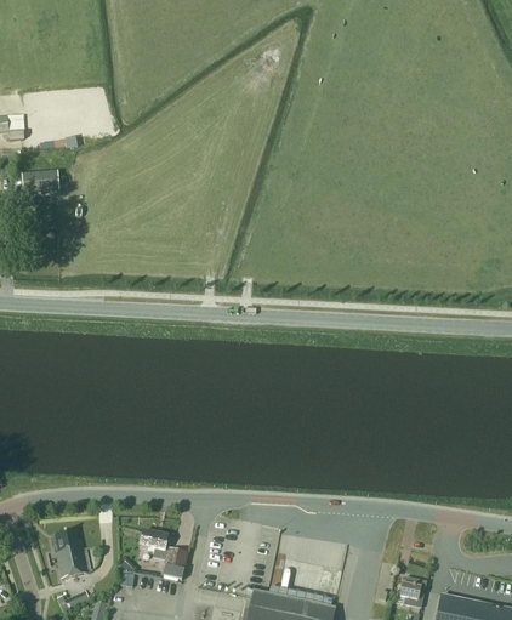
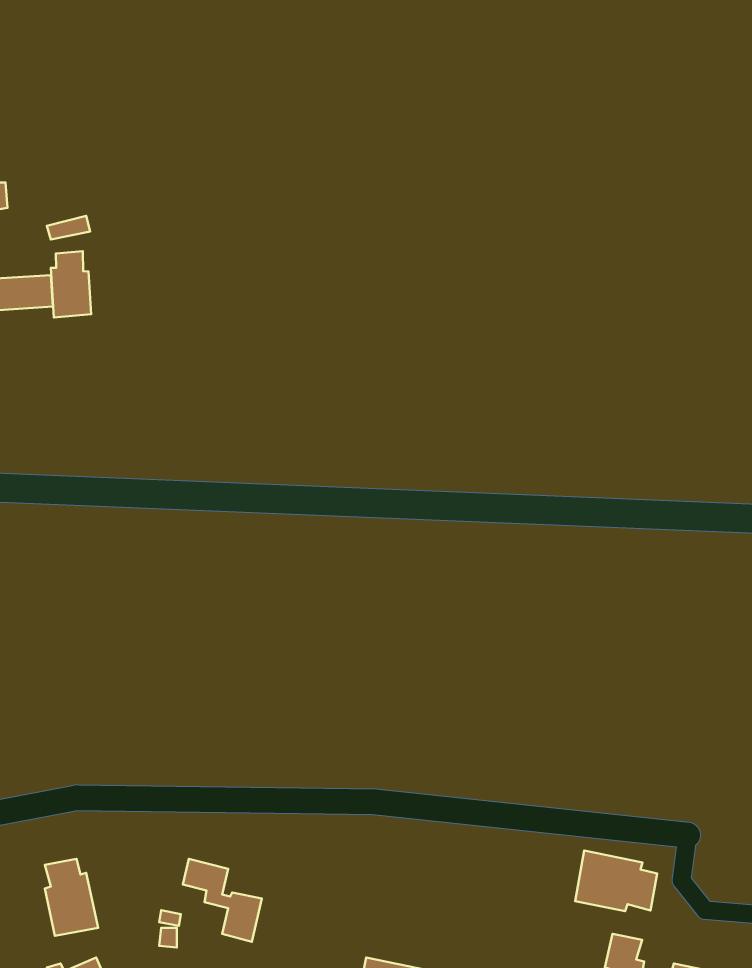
building: none -> [51,251,91,318]
building: none -> [575,850,657,911]

